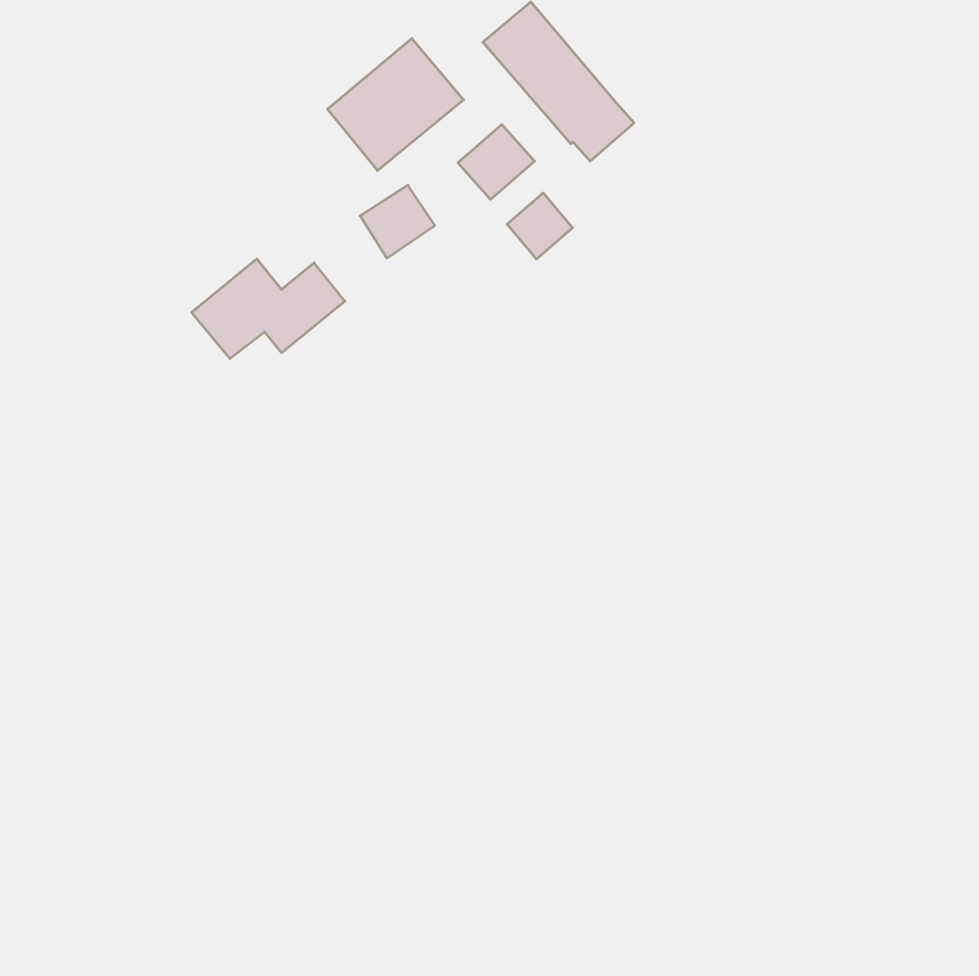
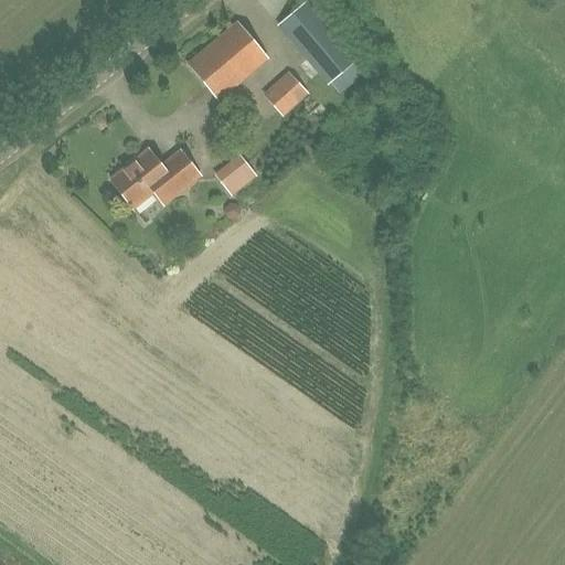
building: [360,185,435,258] -> [214,152,257,194]
building: [507,193,573,259] -> none

